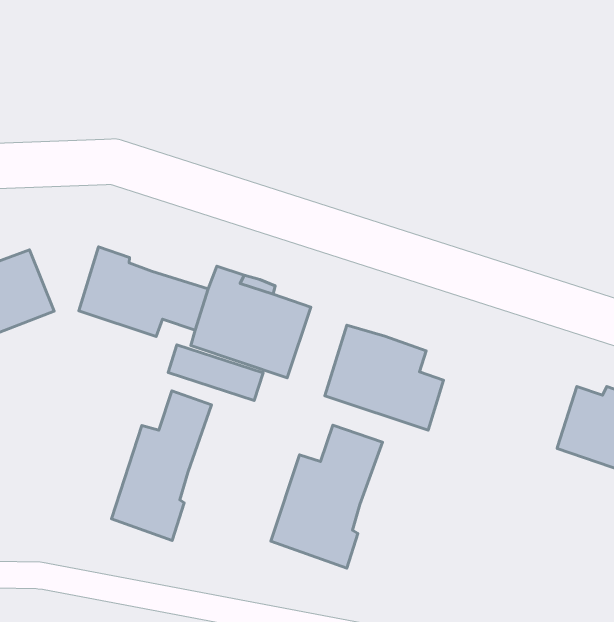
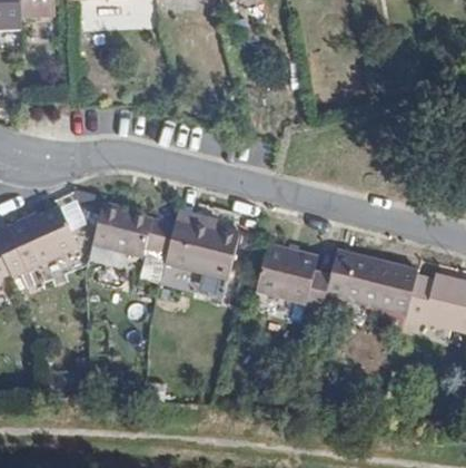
building: none -> [344,254,420,314]
building: [111,391,211,540] -> none
building: [271,425,382,568] -> none

